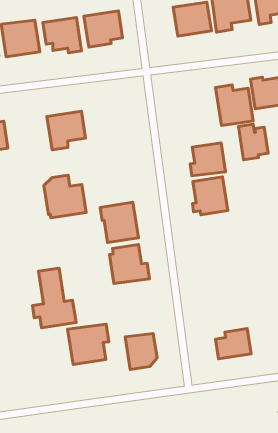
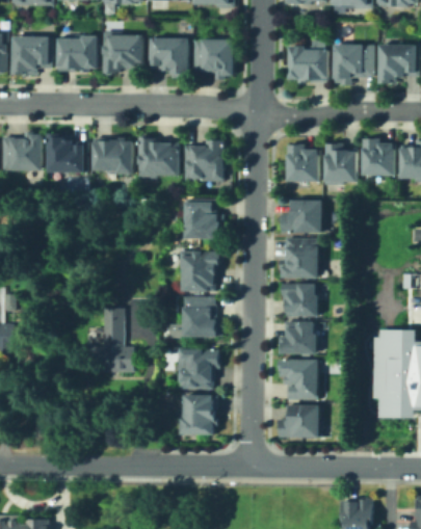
building: none -> [182,141,221,182]
building: none -> [94,141,130,175]
building: [238,124,268,160] -> [288,147,316,184]
building: [44,175,86,218] -> [184,200,226,243]
building: none -> [280,286,315,316]
building: none -> [278,323,316,353]
building: none -> [281,363,316,399]
building: [68,324,109,364] -> [177,350,219,390]

